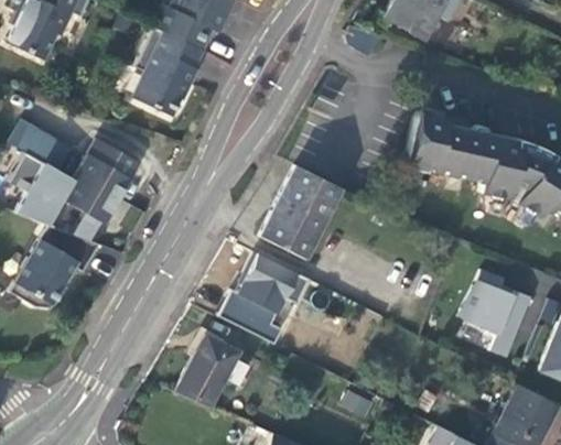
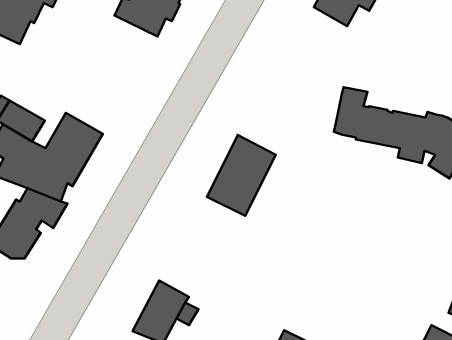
building: [132,26,203,116] -> none
building: [218,251,310,344] -> none
building: [458,269,531,356] -> none

